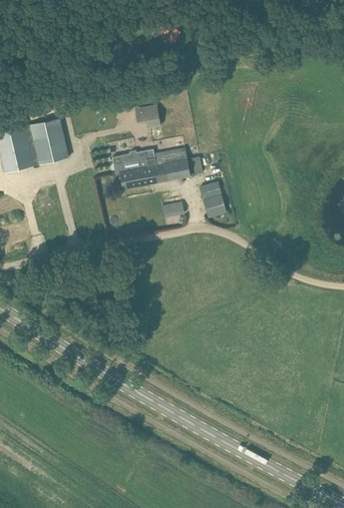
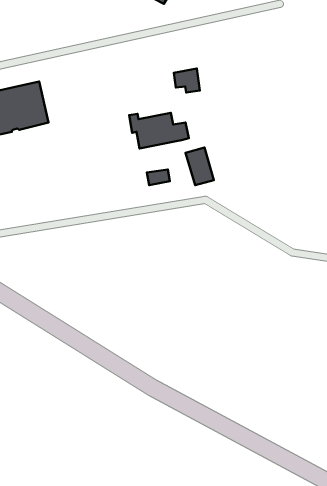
building: [134,104,159,127] -> [174,69,200,93]
building: [113,149,154,187] -> none

